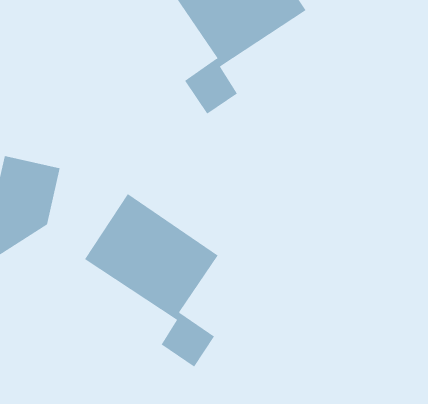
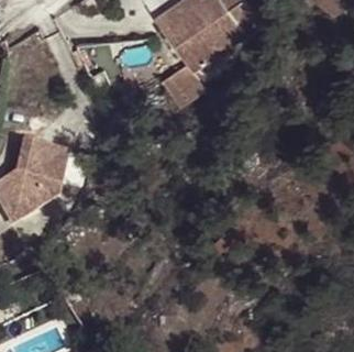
building: [84,193,219,367] -> none

